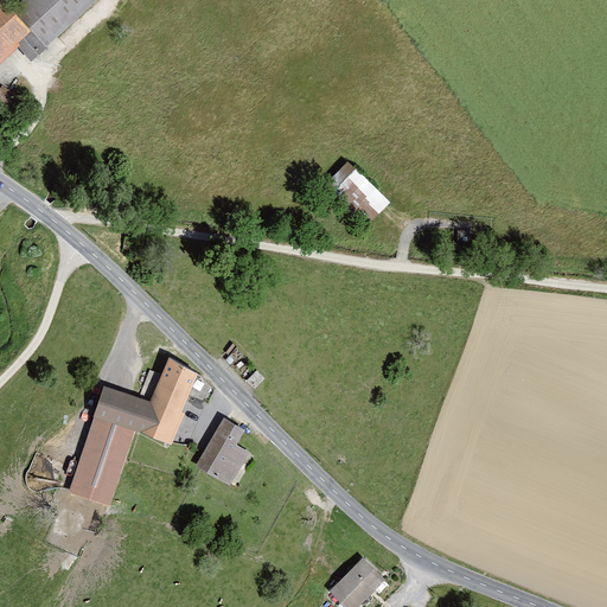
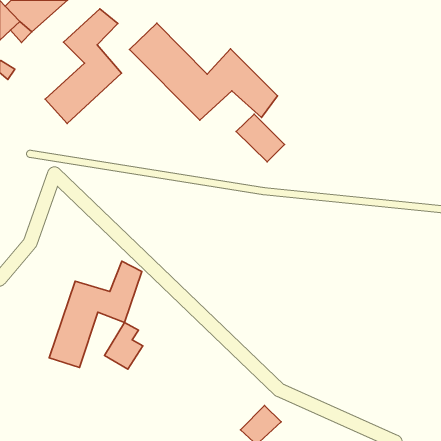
building: none -> [45,9,122,124]
building: none -> [129,23,277,120]
building: [197,421,249,485] -> [105,323,143,369]

